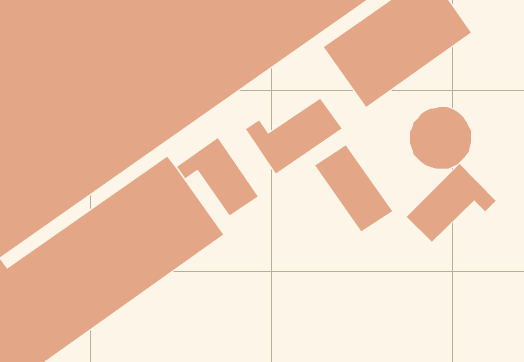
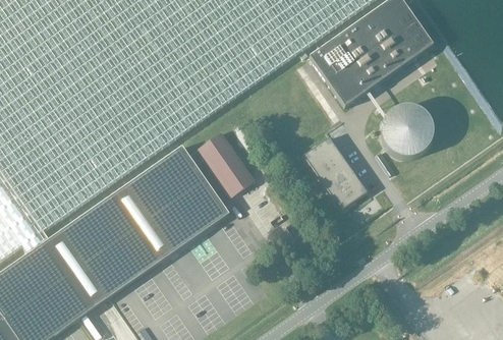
building: [245,98,342,175] -> none
building: [406,163,496,242] -> none

